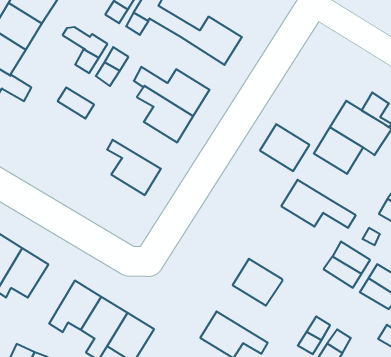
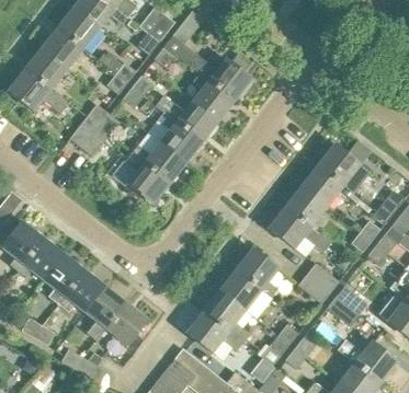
building: none -> [192,73,234,122]
building: none -> [69,116,110,157]
building: none -> [130,142,185,184]
building: [260,124,309,171] -> [284,186,327,228]
building: none -> [235,248,277,298]
building: none -> [43,254,84,304]
building: none -> [202,290,251,343]

